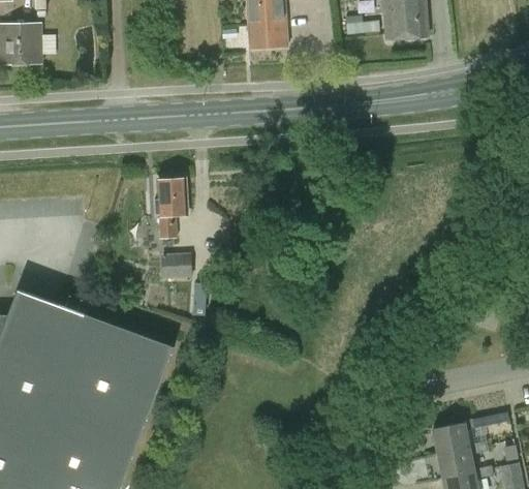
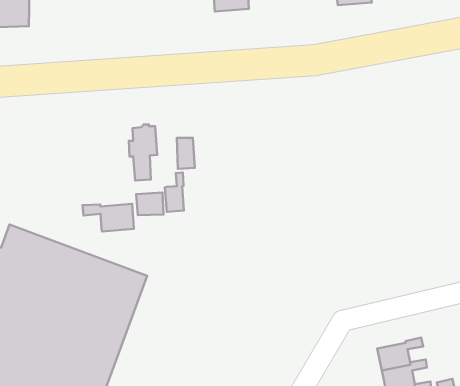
building: none -> [177,138,195,169]
building: none -> [165,173,184,212]
building: none -> [83,204,134,232]

